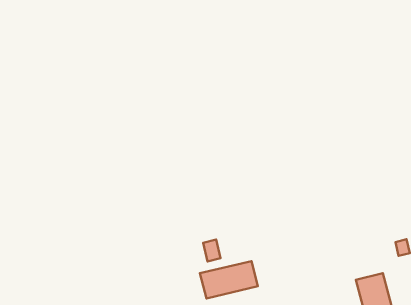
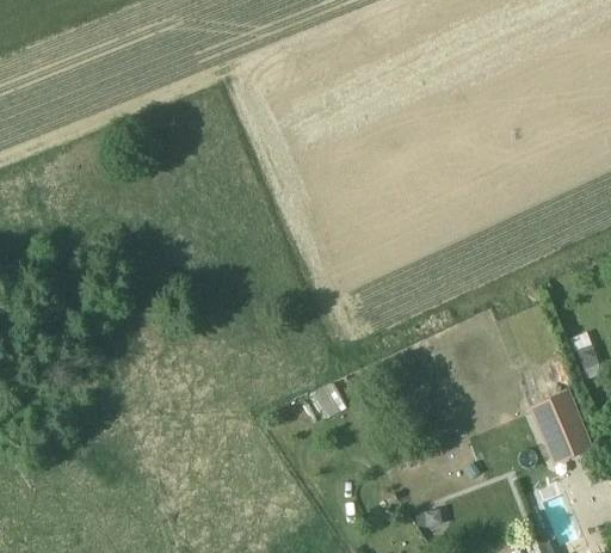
building: [200,261,258,298] -> none

